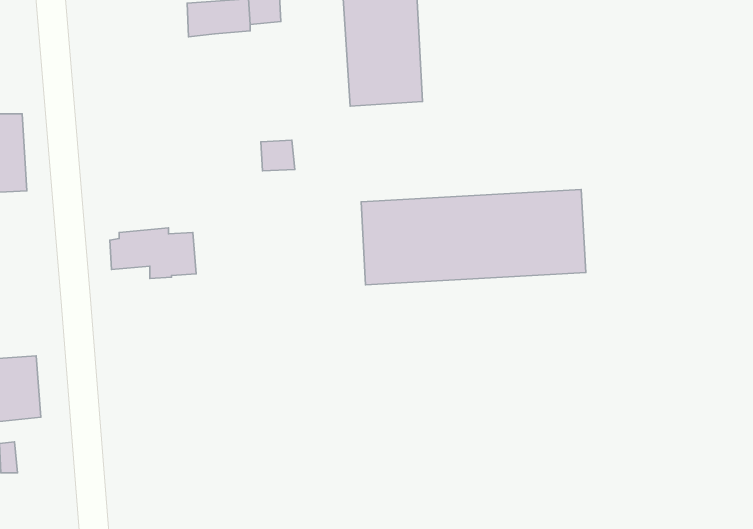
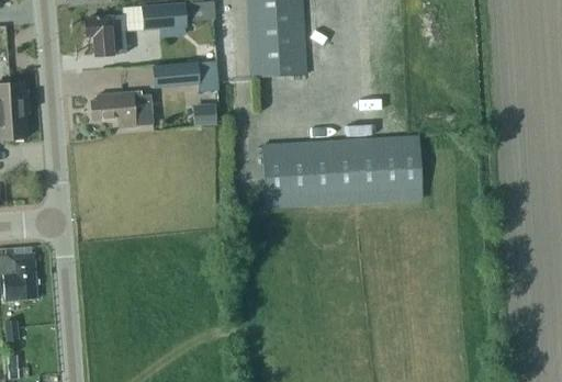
building: none -> [85,14,125,55]
building: none -> [155,60,214,89]
building: [110,228,196,279] -> [91,90,153,126]

